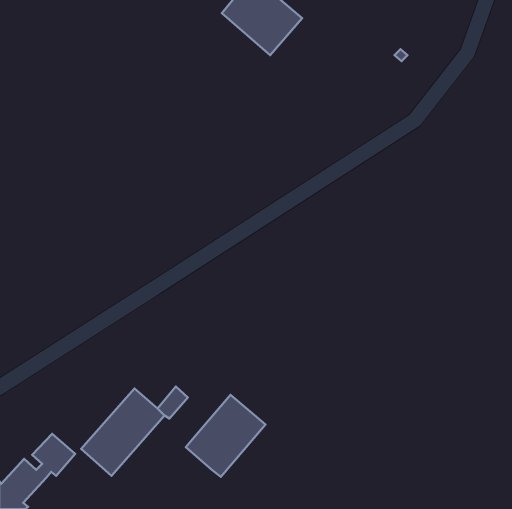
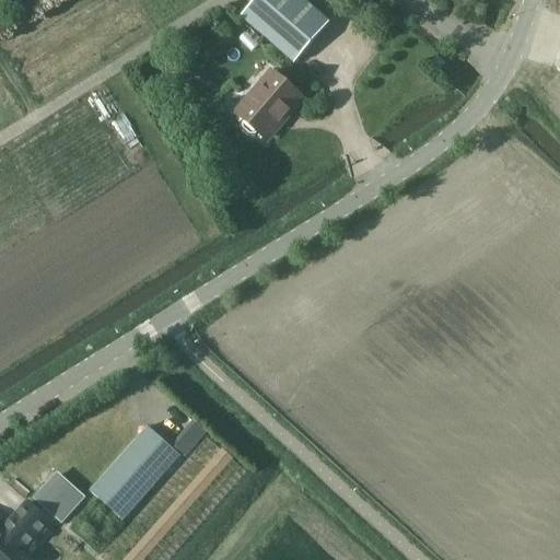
building: none -> [236,69,302,136]
building: [186,395,266,477] -> none

